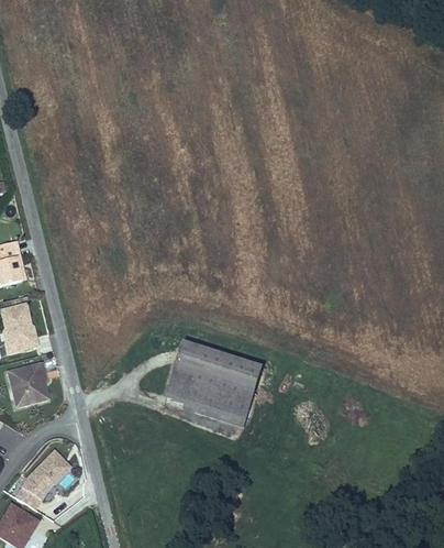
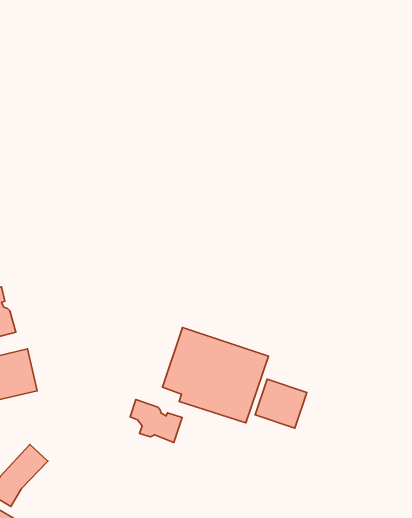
building: none -> [255,379,307,428]
building: none -> [130,400,182,442]

